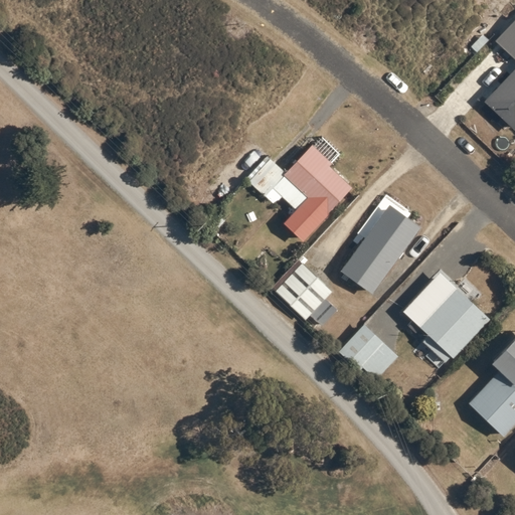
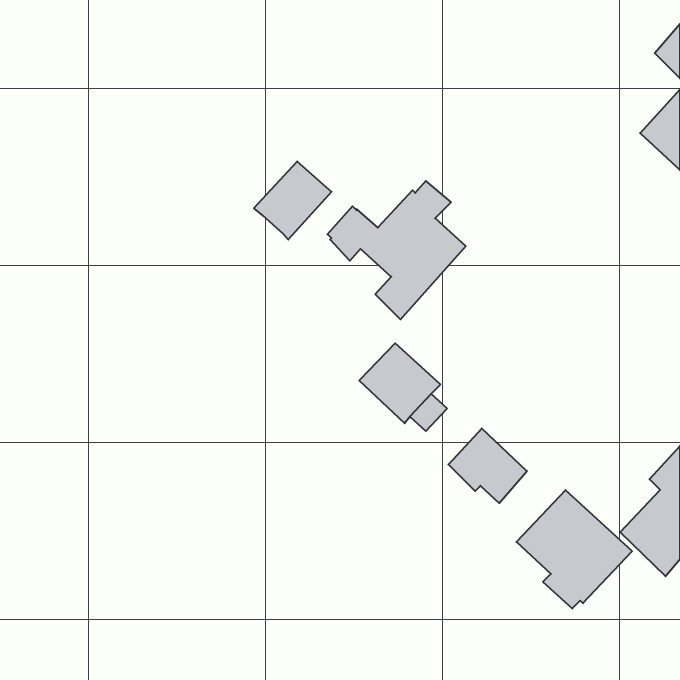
building: none -> [254,161,332,240]
building: [340,204,421,294] -> none
building: [402,272,490,361] -> [516,490,632,609]

